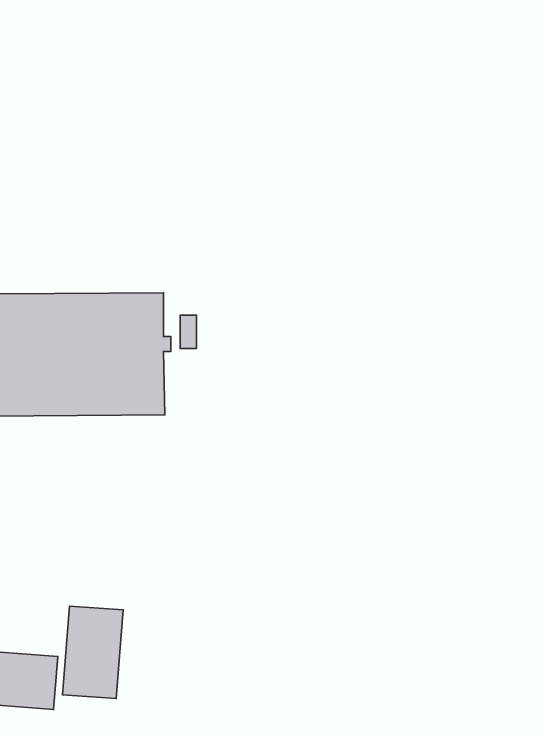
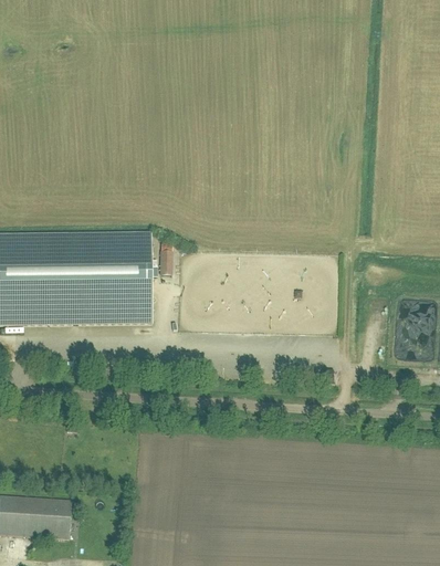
building: [63,606,123,699] -> none

